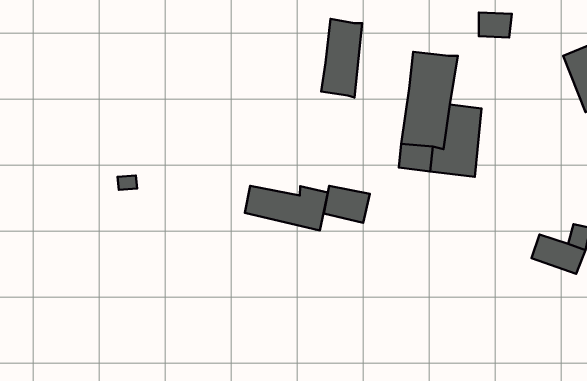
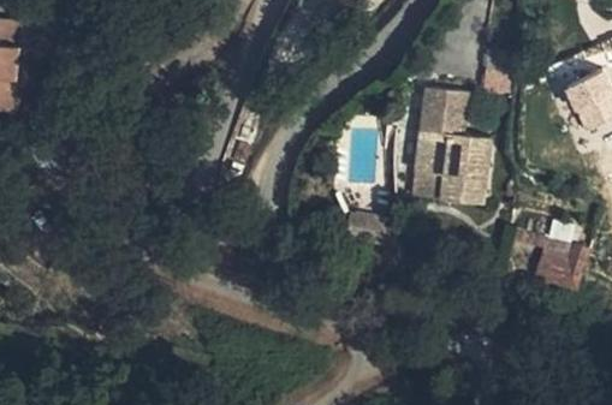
building: [321,19,362,97] -> none
building: [245,186,328,231] -> none

